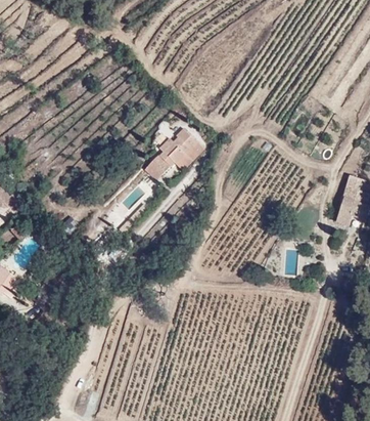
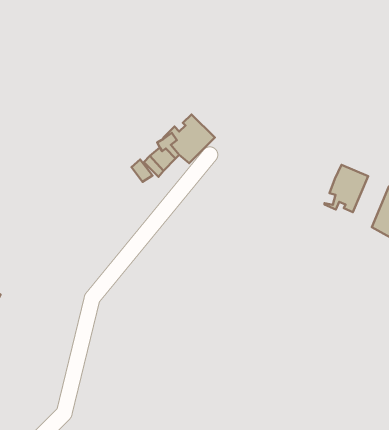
building: none -> [324,165,368,212]

